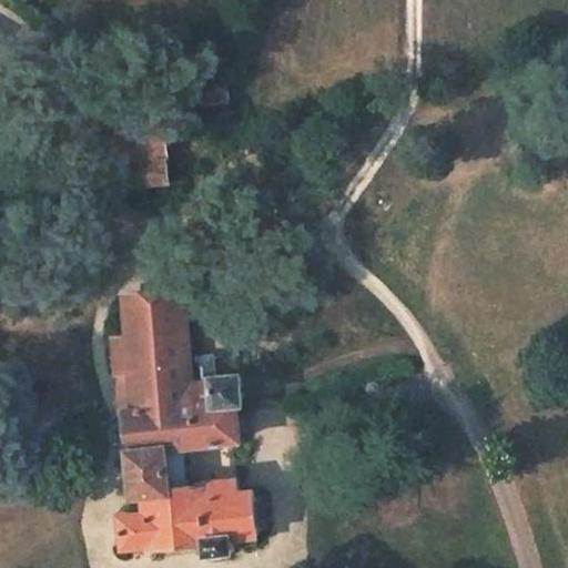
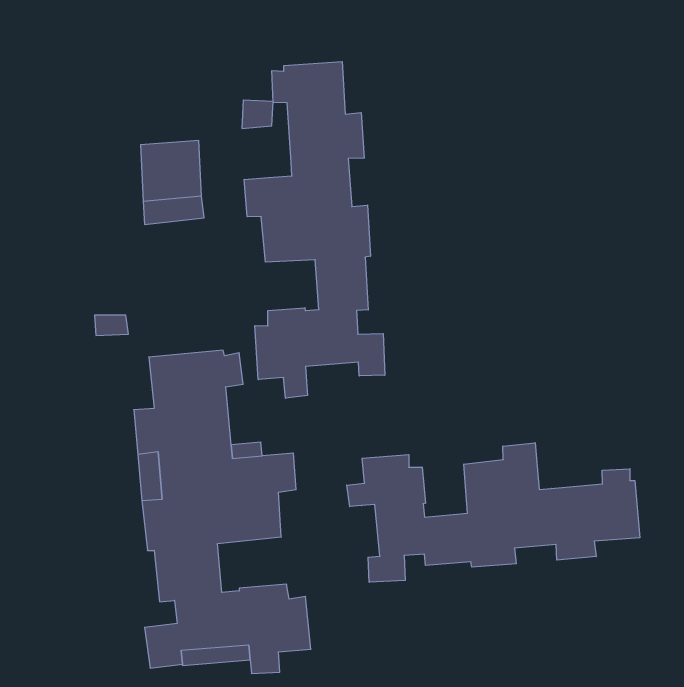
building: none -> [244,62,385,398]
building: none -> [347,443,640,582]

